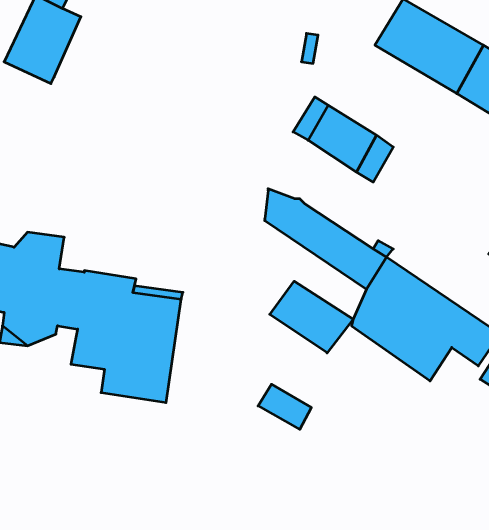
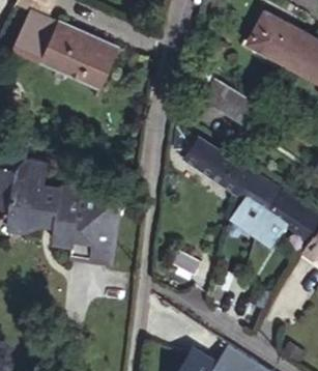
building: none -> [44,23,120,87]
building: [270,281,353,353] -> none

